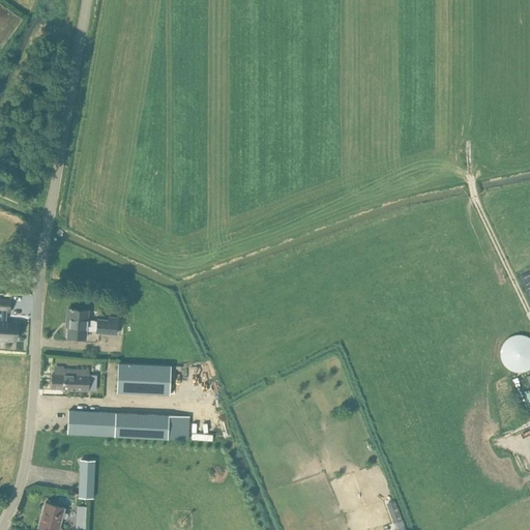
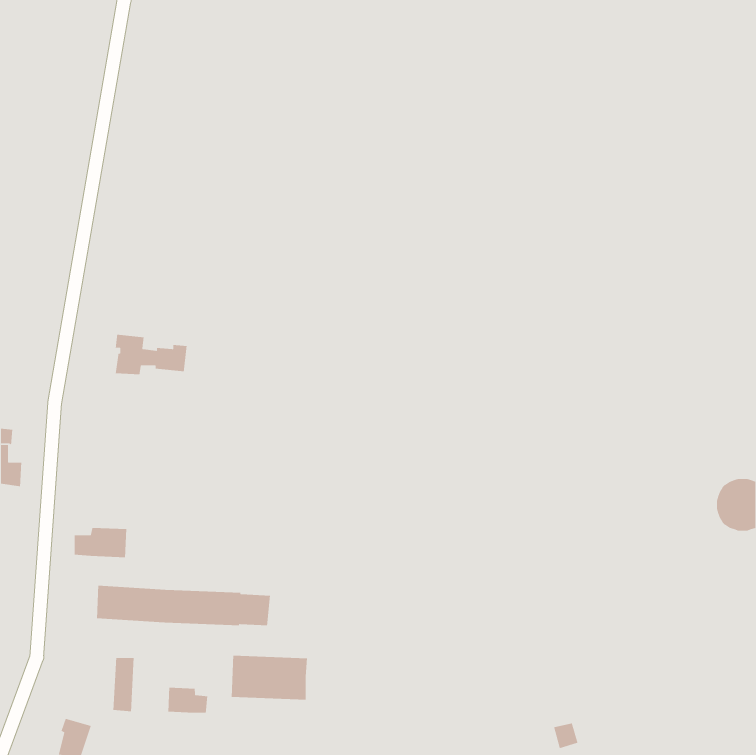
building: [67,310,118,338] -> [115,334,187,375]
building: [117,363,171,395] -> [231,655,308,701]
building: none -> [167,687,208,714]

